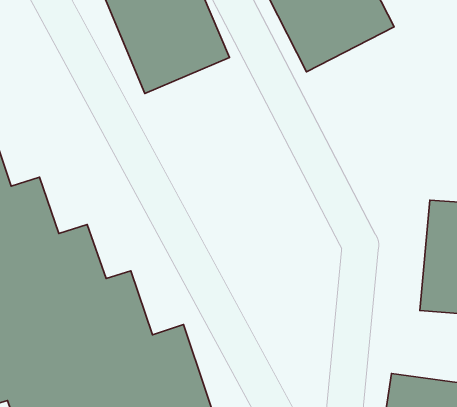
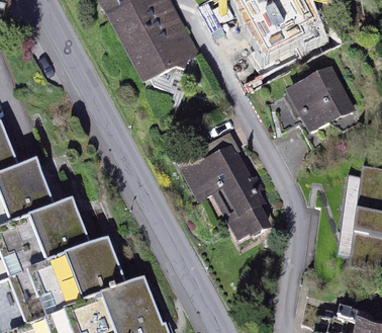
building: none -> [282,65,356,134]
building: none -> [174,134,280,251]

